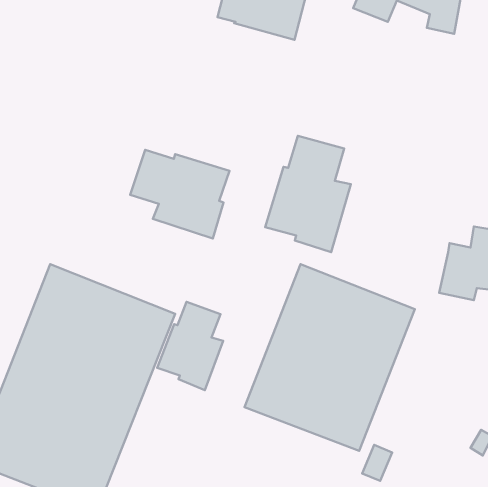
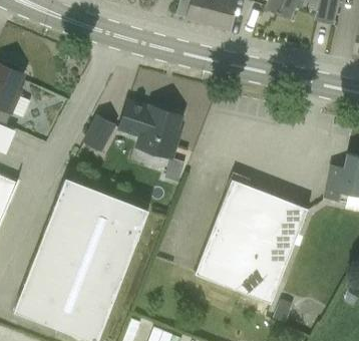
building: [265,136,351,252] -> none
building: none -> [81,117,115,155]
building: [157,302,223,390] -> none

